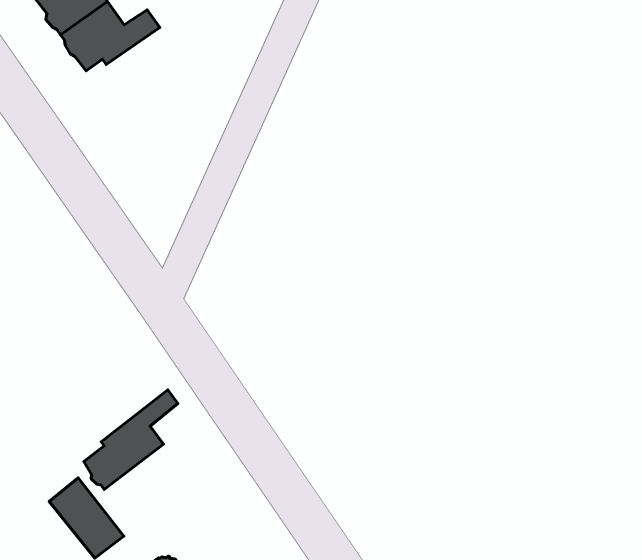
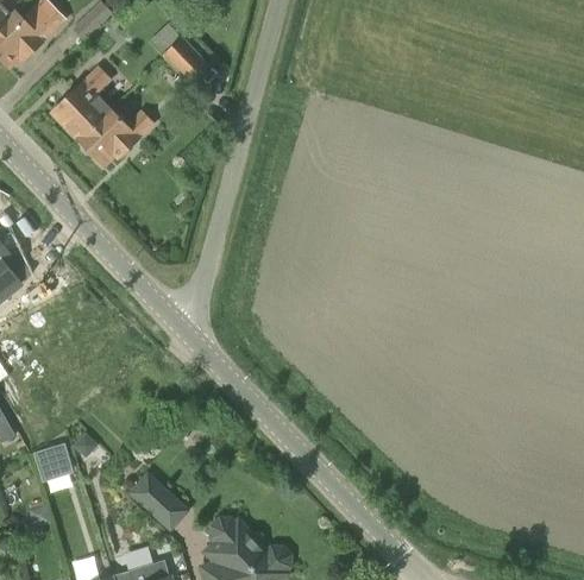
building: [84,390,178,489] -> none

